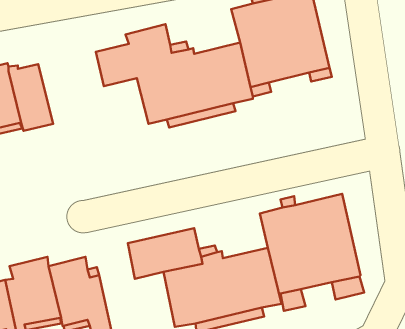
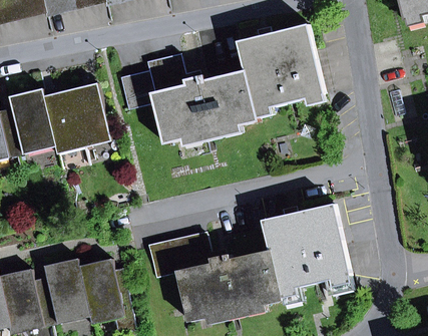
building: none -> [68,80,108,142]

